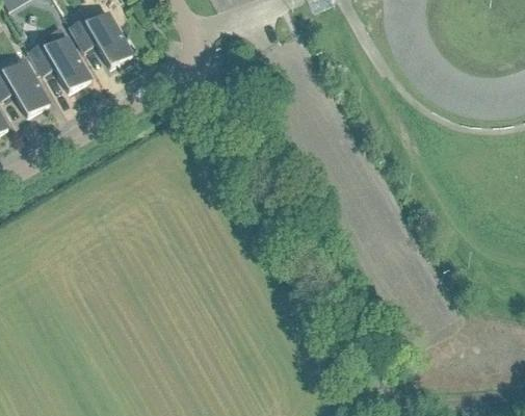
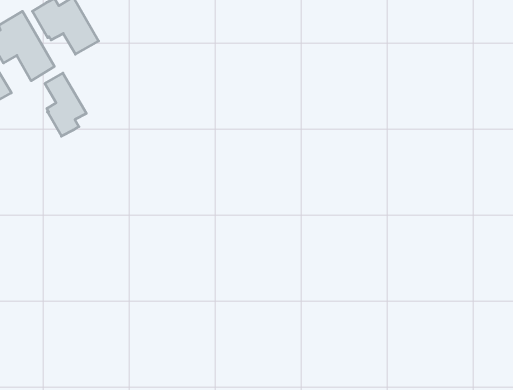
building: none -> [45,73,86,136]

